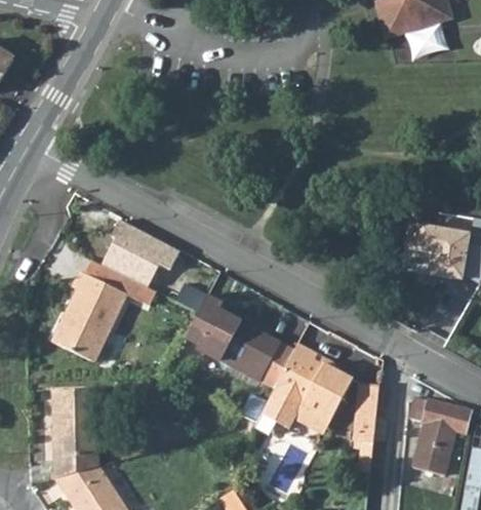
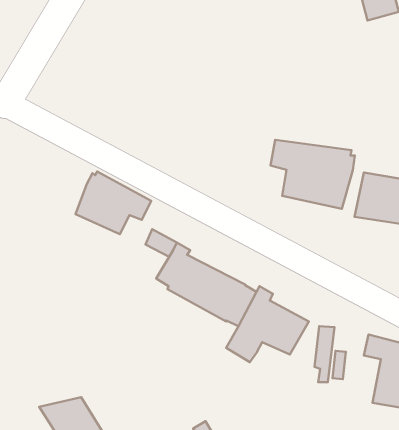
building: none -> [271,140,355,209]
building: [52,265,161,364] -> none
building: [55,388,104,475] -> none

